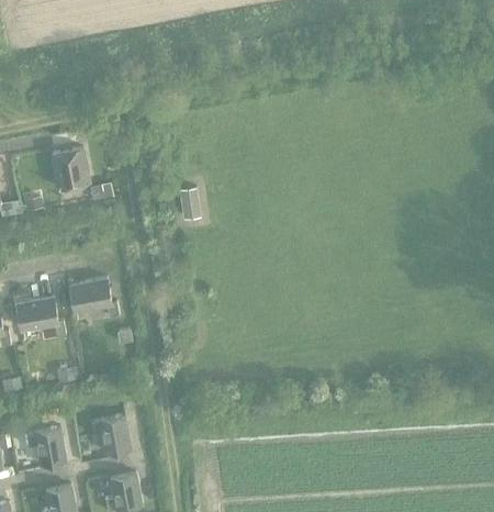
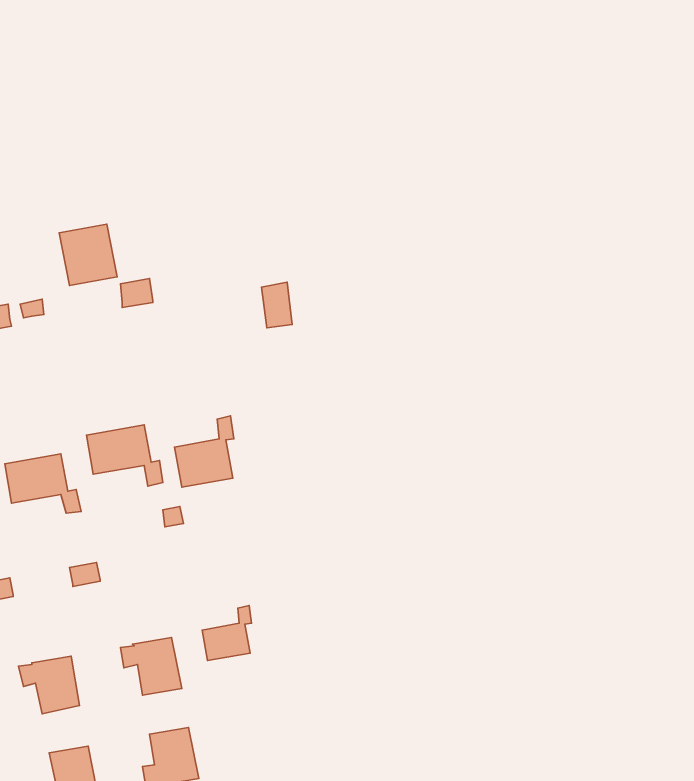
building: none -> [174,416,234,487]
building: none -> [202,606,251,660]

